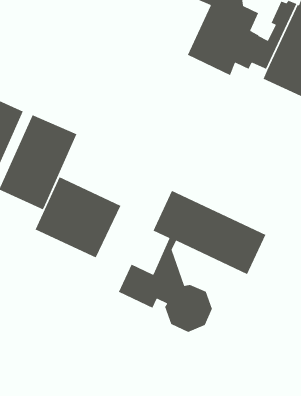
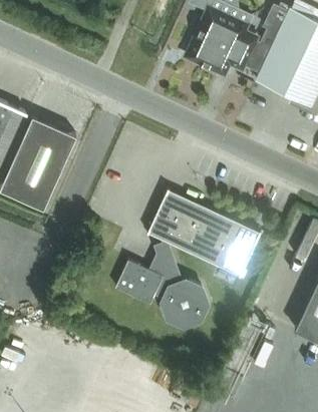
building: [34,176,121,258] -> none

